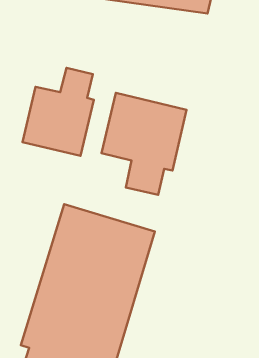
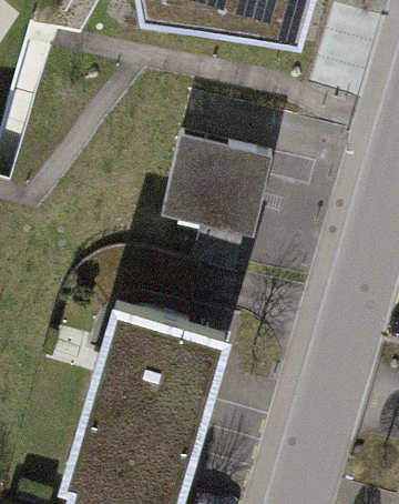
building: [23,68,94,156] -> none

